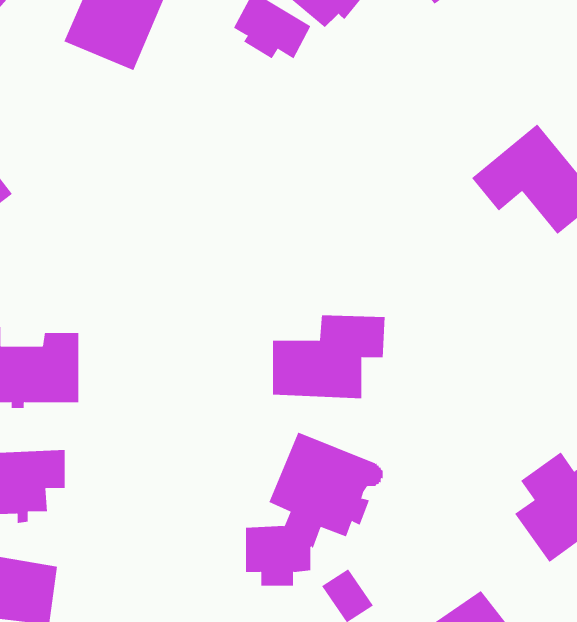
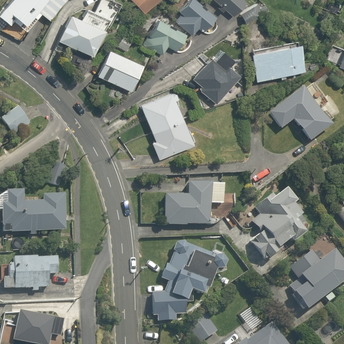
building: none -> [250,43,306,82]
building: none -> [97,48,144,91]
building: none -> [192,48,240,105]
building: none -> [137,88,195,160]
building: none -> [249,189,306,263]

